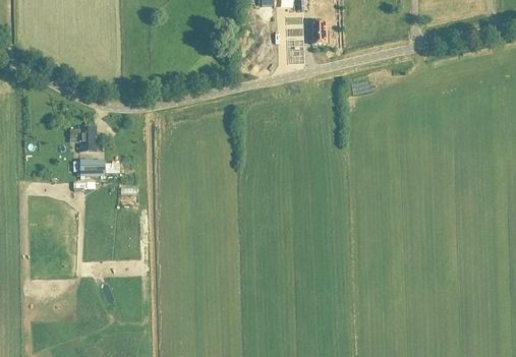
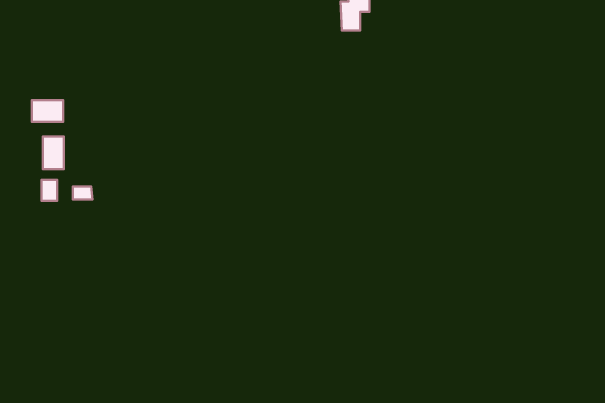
building: none -> [32,100,63,122]

